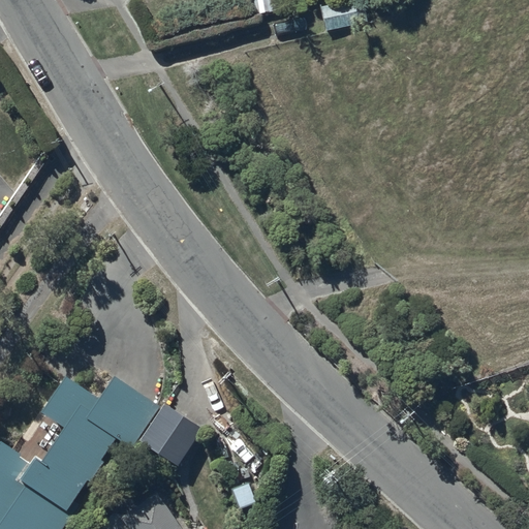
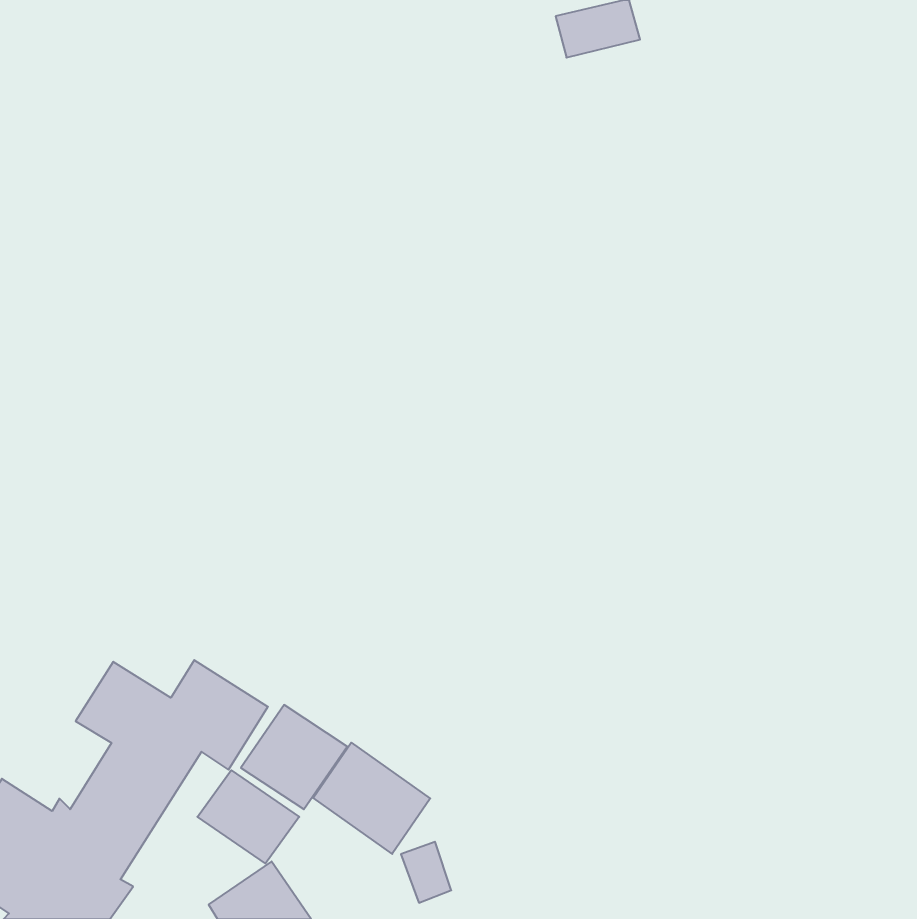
building: none -> [313,743,430,854]
building: none -> [197,770,299,863]

